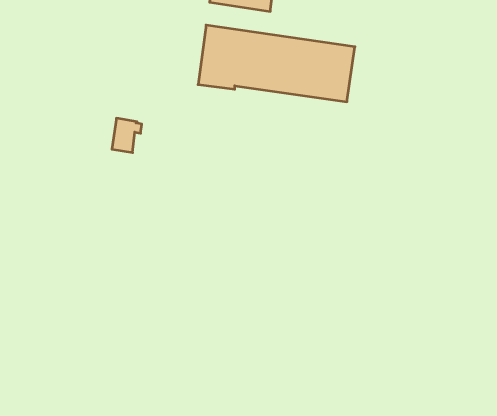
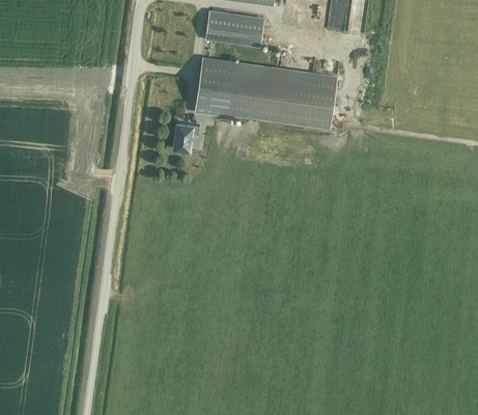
building: [112,118,142,153] -> [173,119,200,150]

